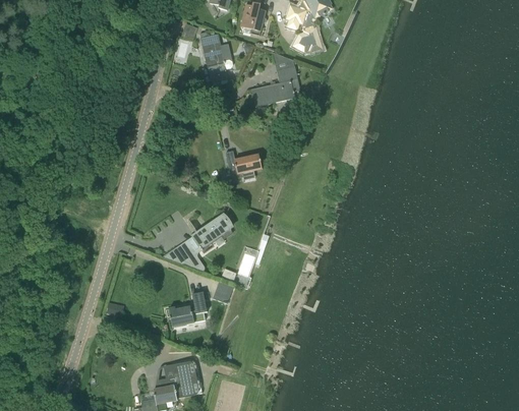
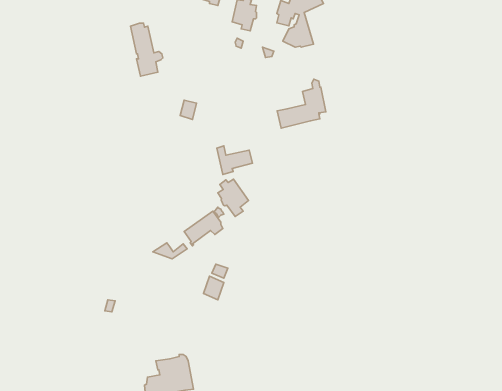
building: [200,30,233,82] -> [130,23,163,76]
building: [251,57,300,106] -> [277,79,326,128]
building: none -> [218,179,248,217]
building: [169,291,208,326] -> none

